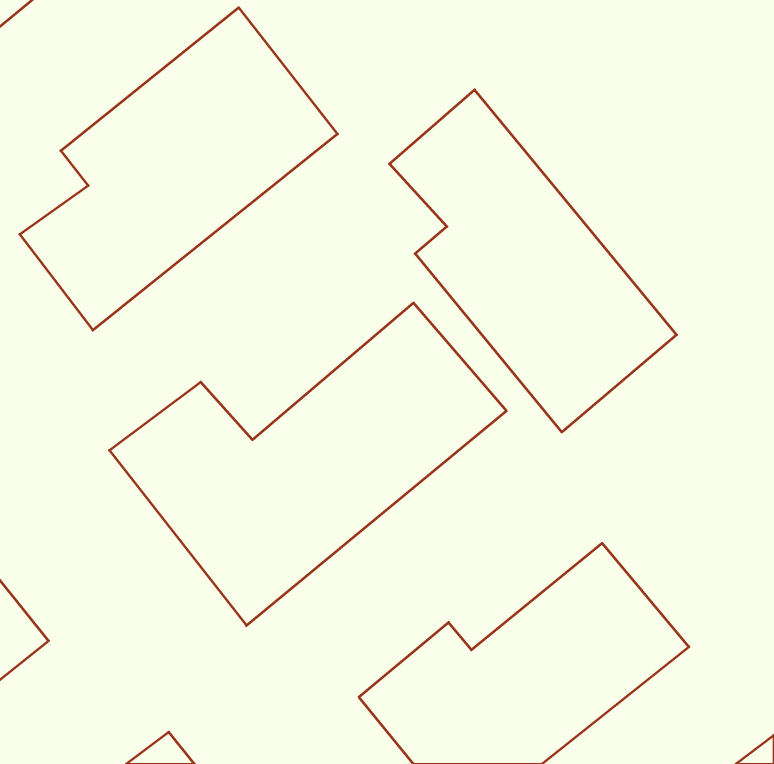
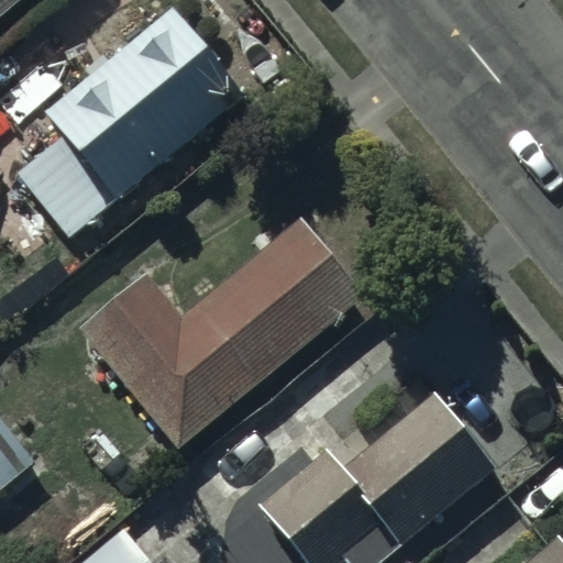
building: [389,90,677,432] -> none

